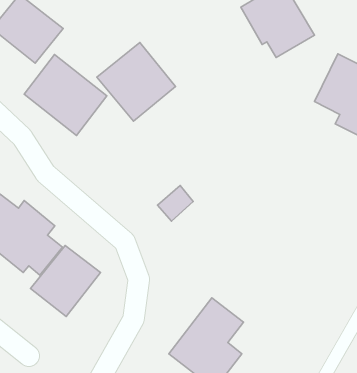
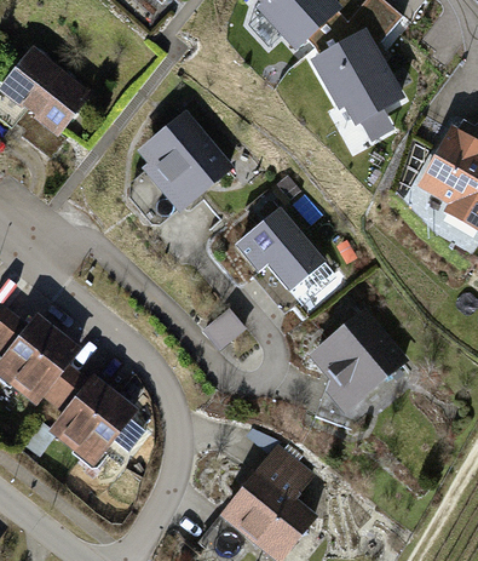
building: [24,55,107,136] -> none
building: none -> [229,205,326,292]
building: none -> [304,307,405,406]

